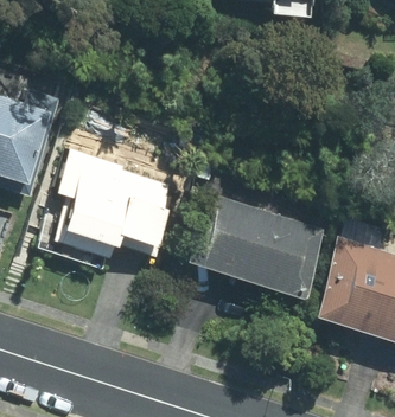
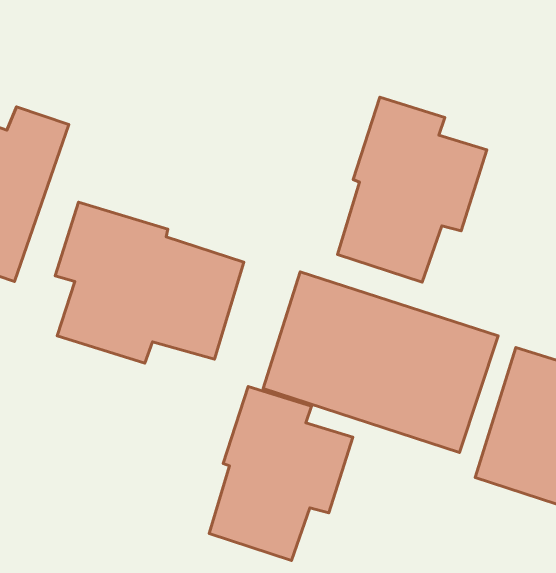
building: none -> [338,97,487,282]
building: none -> [209,386,353,561]

